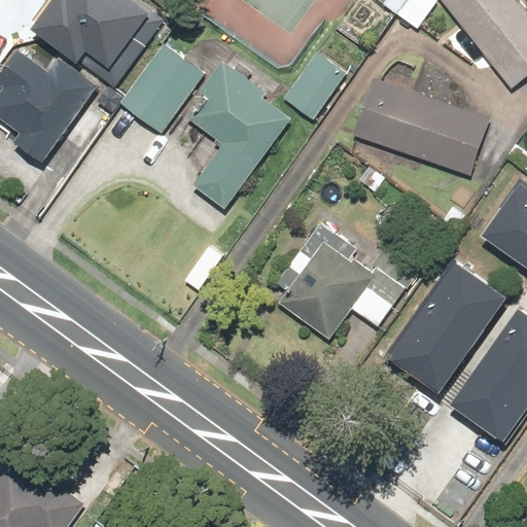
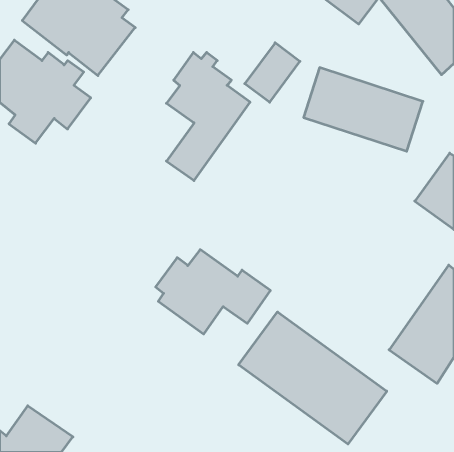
building: [119,39,205,132] -> none
building: [274,241,407,339] -> [156,250,270,334]
building: [385,262,506,395] -> none
building: none -> [239,312,387,444]

